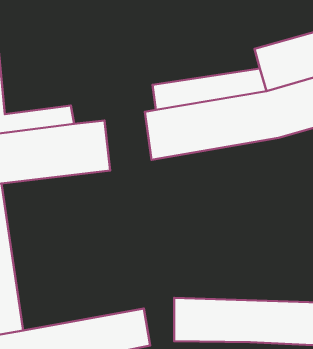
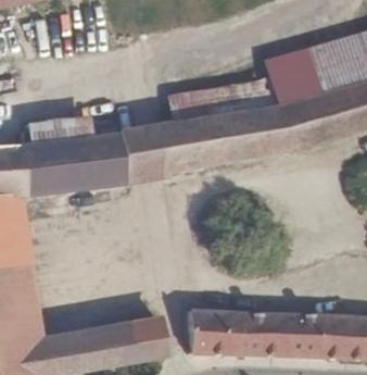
building: none -> [122,124,168,183]

